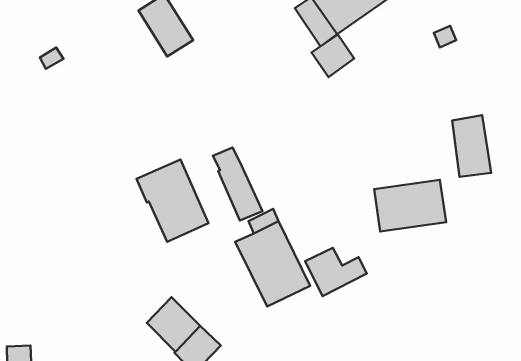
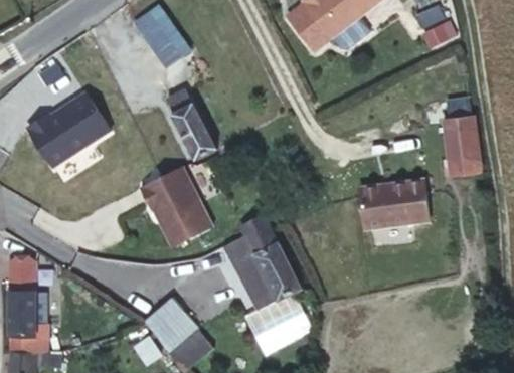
building: [311,35,354,77] -> none
building: none -> [29,84,112,159]
building: [213,147,262,220] -> [164,87,212,159]
building: [305,248,367,296] -> [244,305,305,352]
building: none -> [7,258,42,347]

